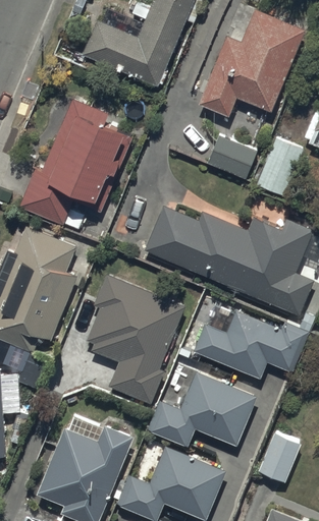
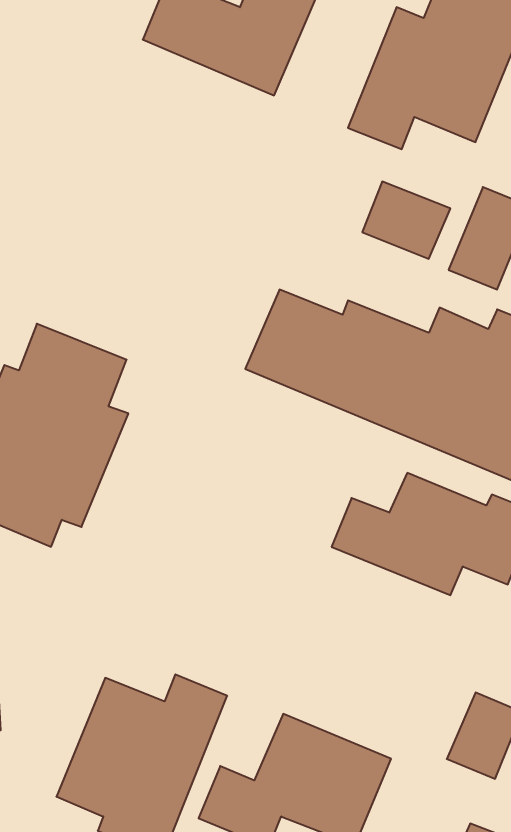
building: [18,98,130,224] -> none
building: [85,274,184,403] -> none
building: [147,371,256,447] -> none

